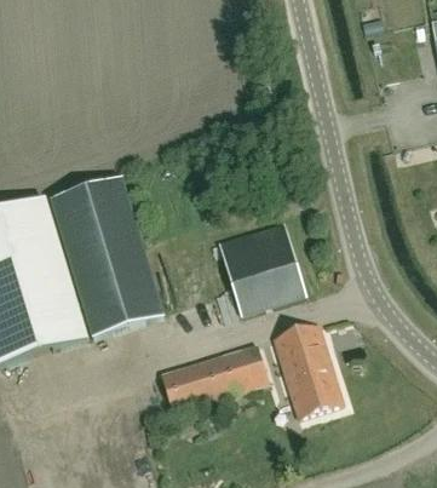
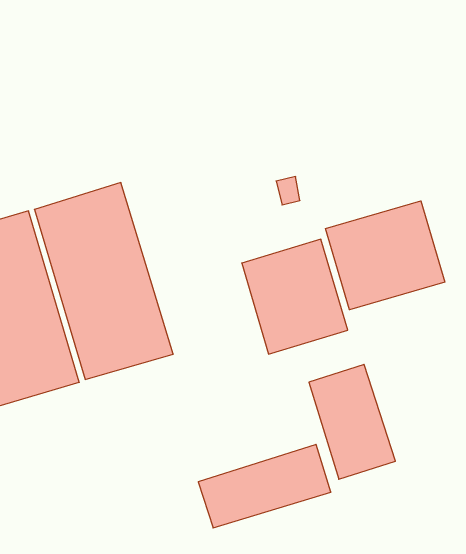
building: none -> [326,201,445,310]
building: [161,341,269,409] -> [198,444,331,528]

